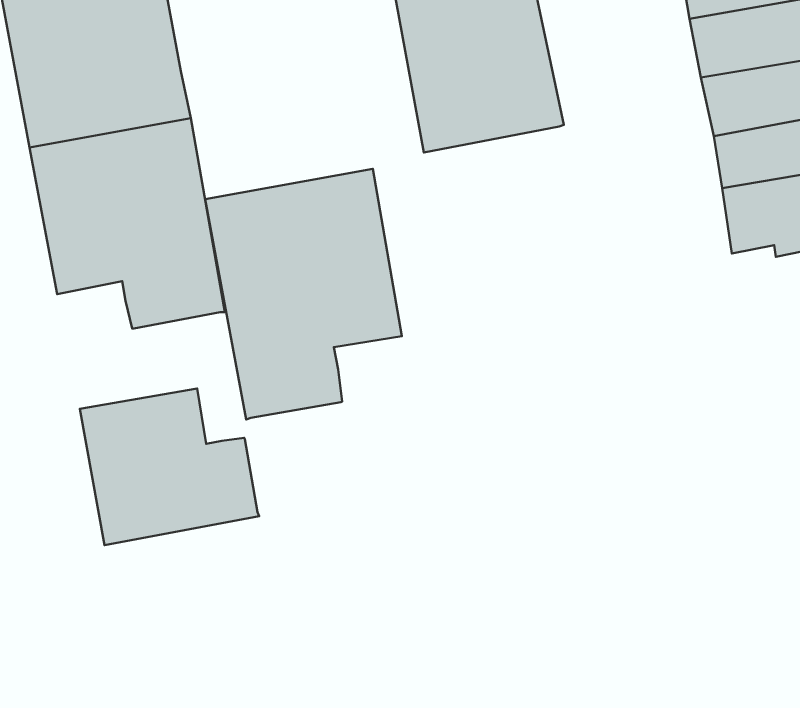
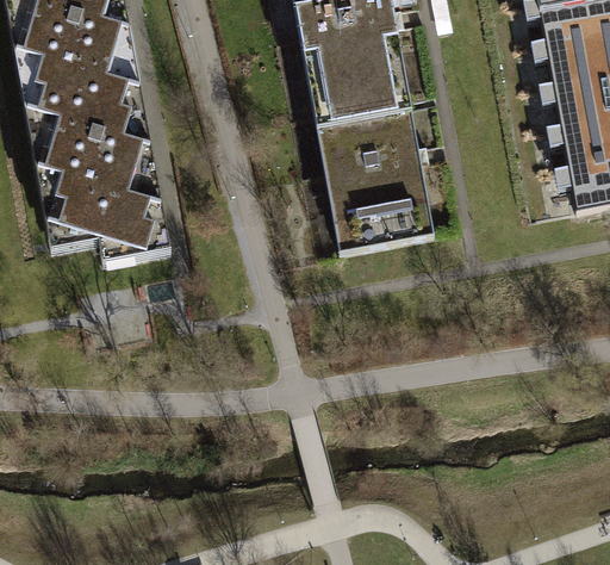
building: none -> [319,111,438,248]
building: [205,169,402,420] -> none
building: [80,388,259,545] -> none

